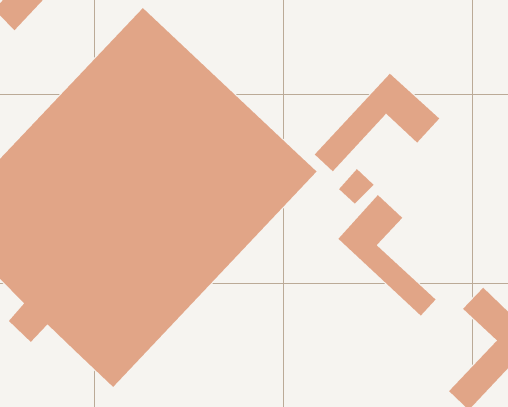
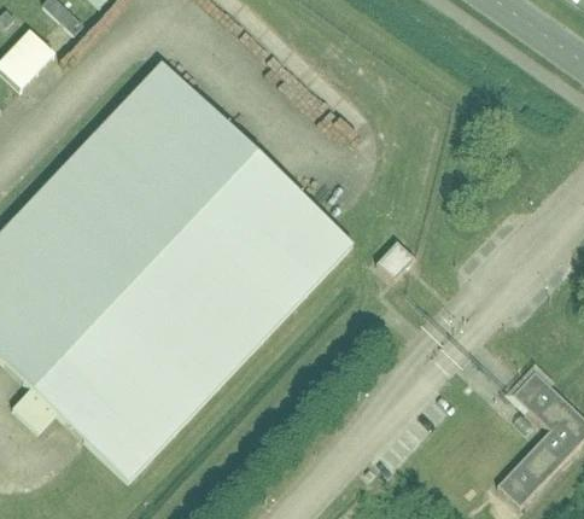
building: [314,73,440,172] -> none
building: [337,194,436,316] -> none

